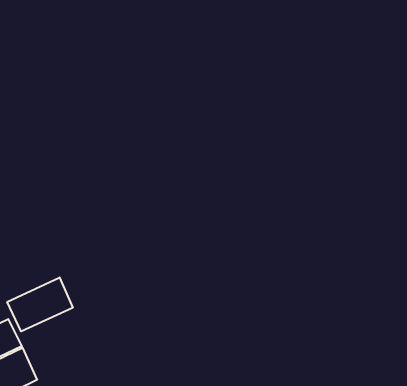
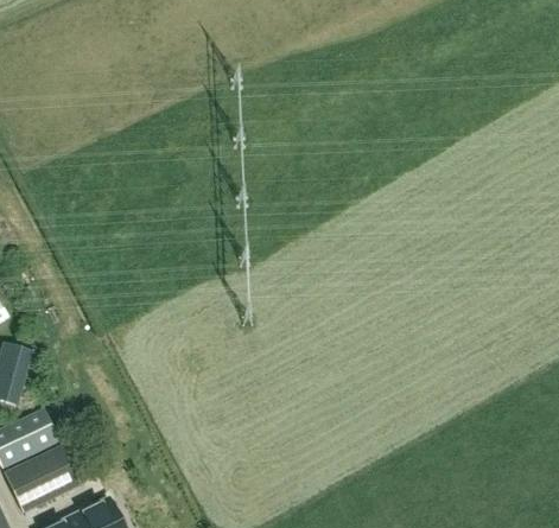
building: [7,277,73,331] -> none

